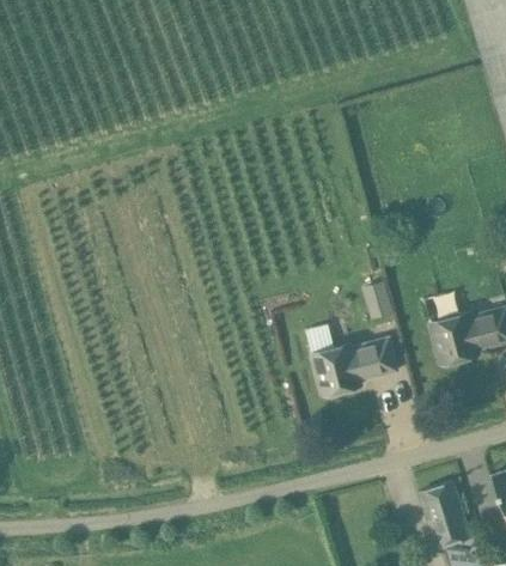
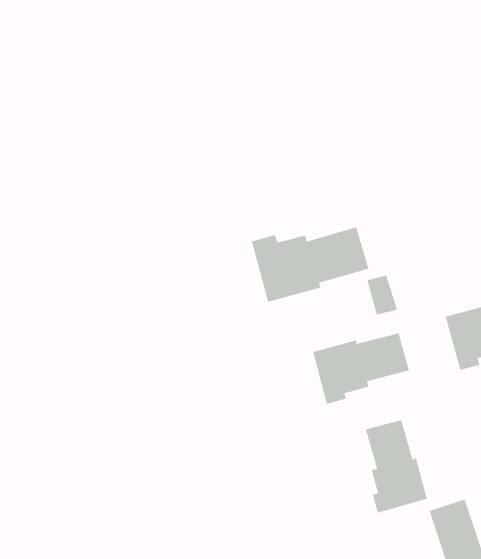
building: none -> [251,227,369,303]
building: none -> [365,419,428,514]

